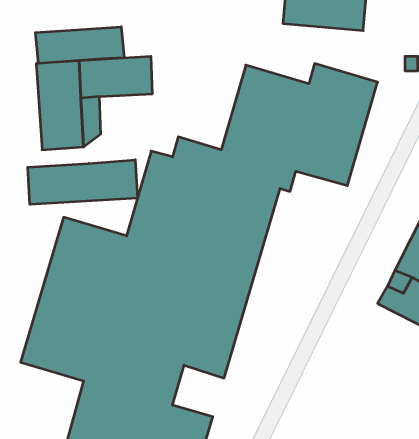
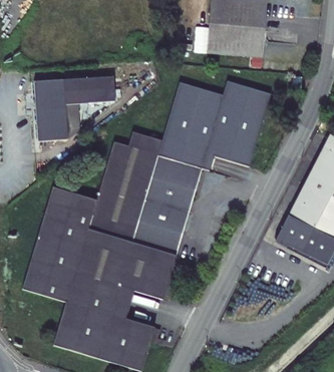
building: [35,27,124,63] -> none
building: [28,160,138,204] -> none

